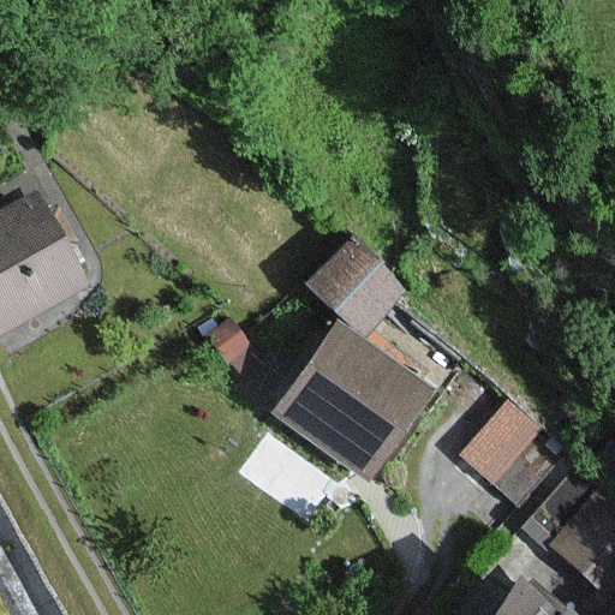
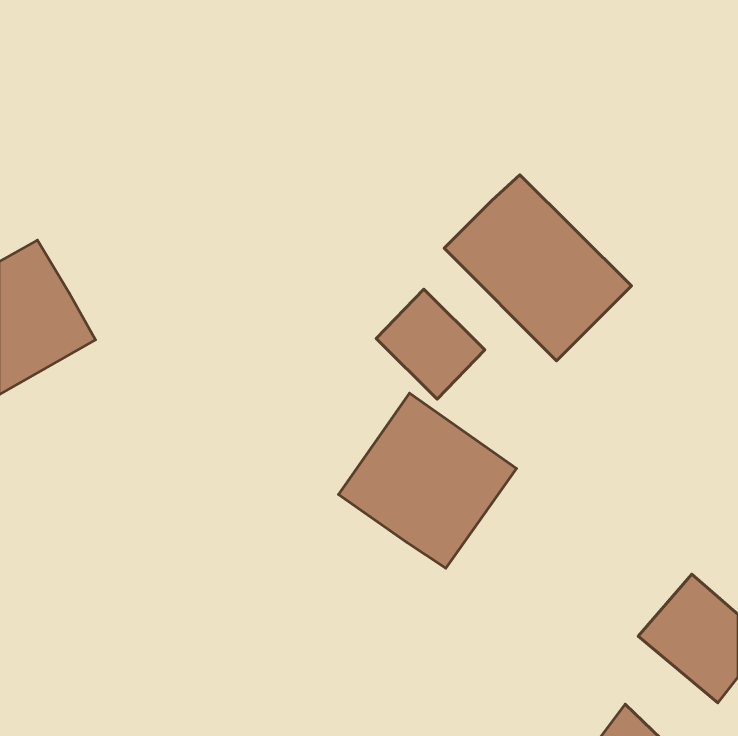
building: none -> [444,175,632,361]
building: [459,390,571,498] -> none

